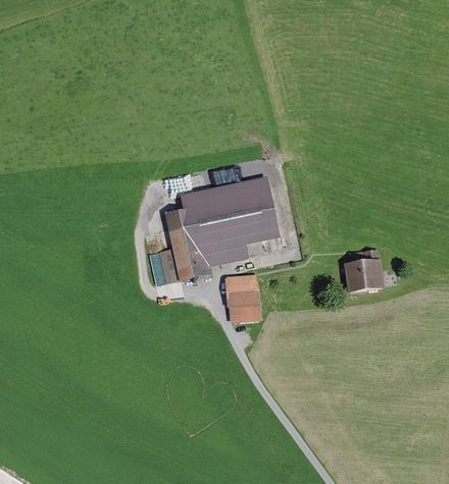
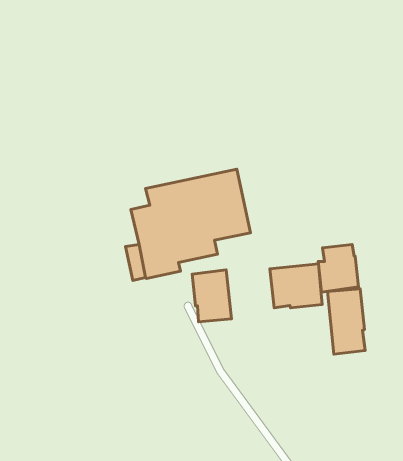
building: none -> [270,264,322,308]
building: none -> [327,289,365,354]

